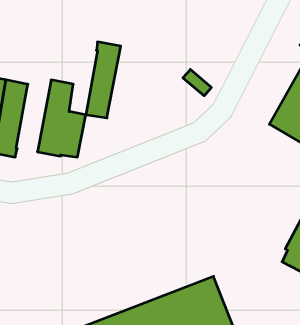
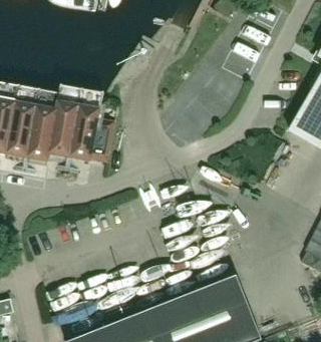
building: [86,42,121,118] -> [49,85,82,157]

